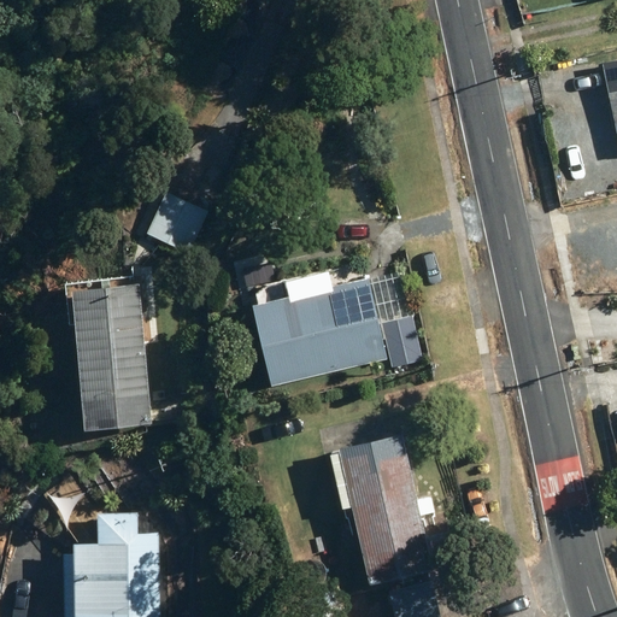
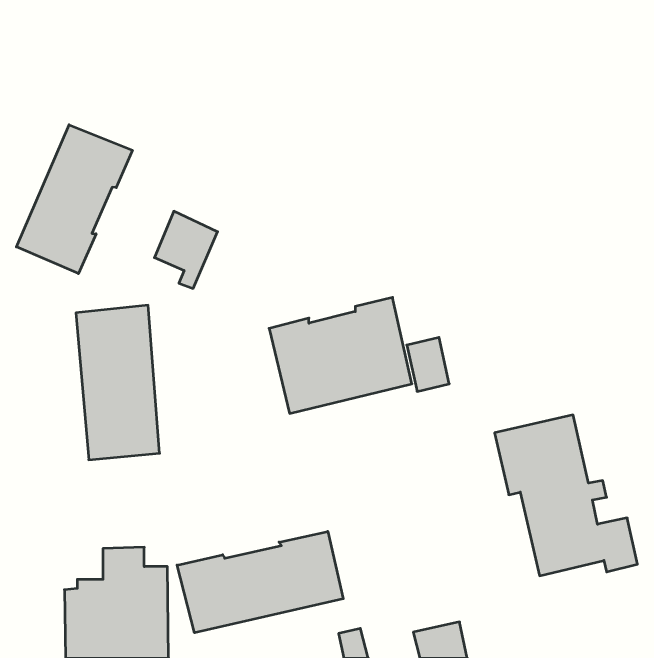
building: none -> [16,125,132,274]
building: [328,435,462,586] -> [495,415,637,576]
building: none -> [177,531,343,633]

